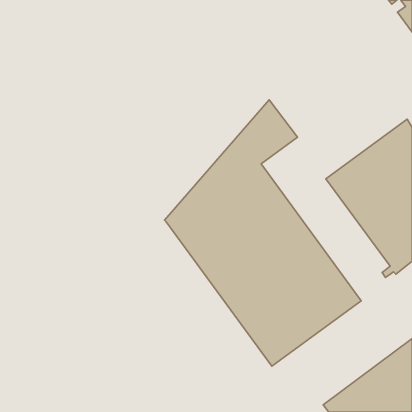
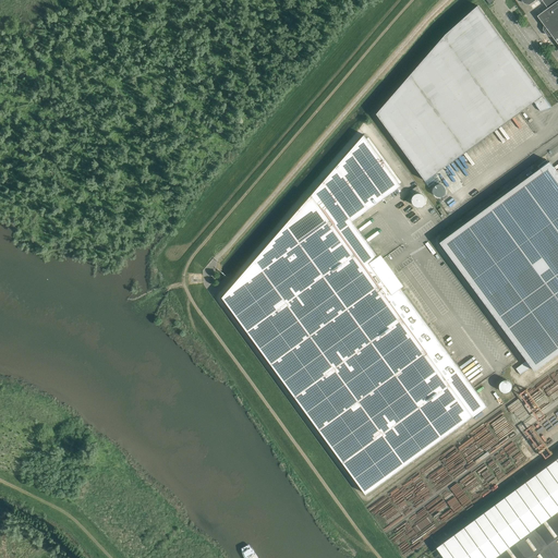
building: none -> [377,5,551,181]

